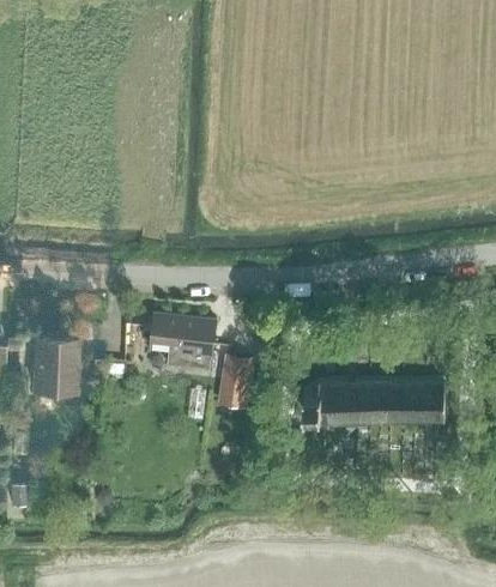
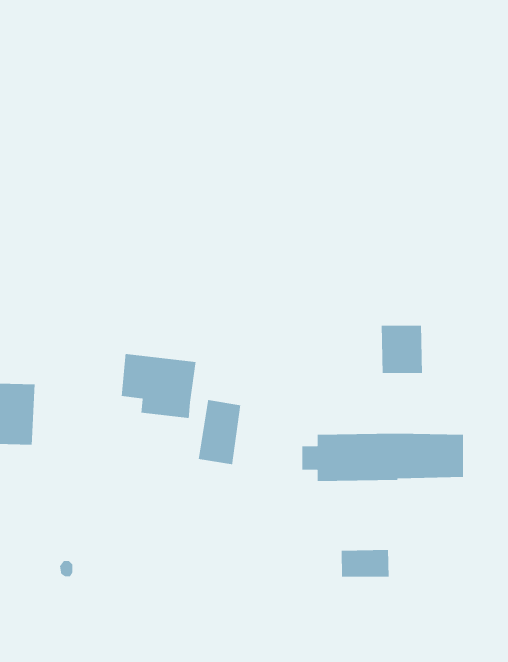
building: none -> [381,325,423,374]
building: none -> [341,549,389,577]

